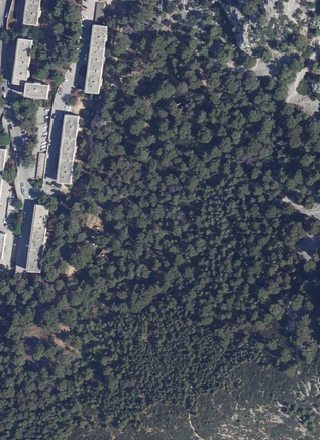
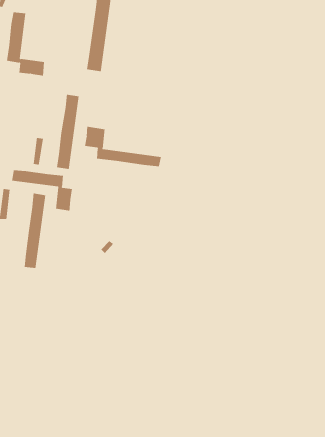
building: none -> [84,126,161,167]
building: none -> [11,169,73,211]

